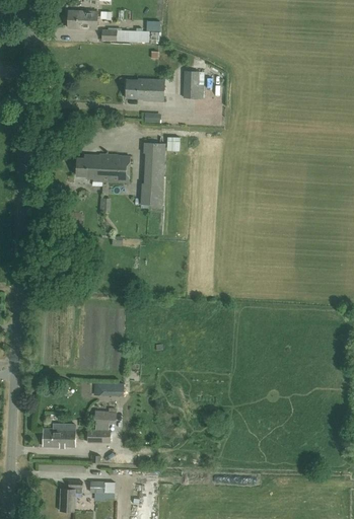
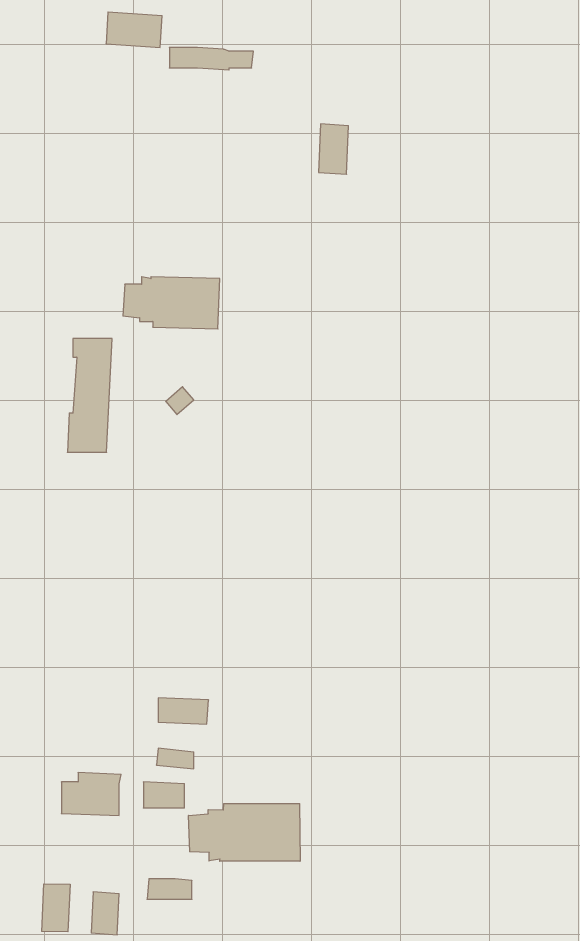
building: [125,77,164,100] -> none
building: [140,142,164,204] -> [67,339,112,452]
building: none -> [189,804,300,861]
building: none -> [42,884,70,932]

